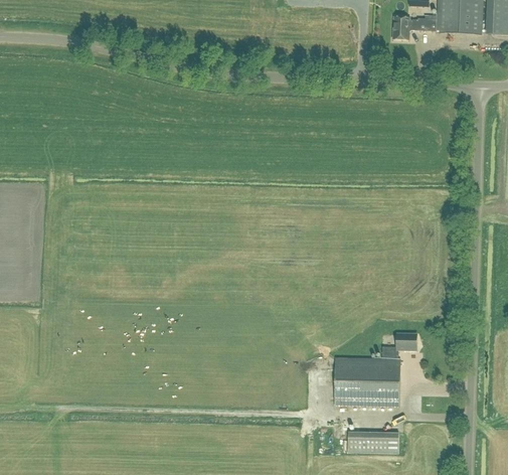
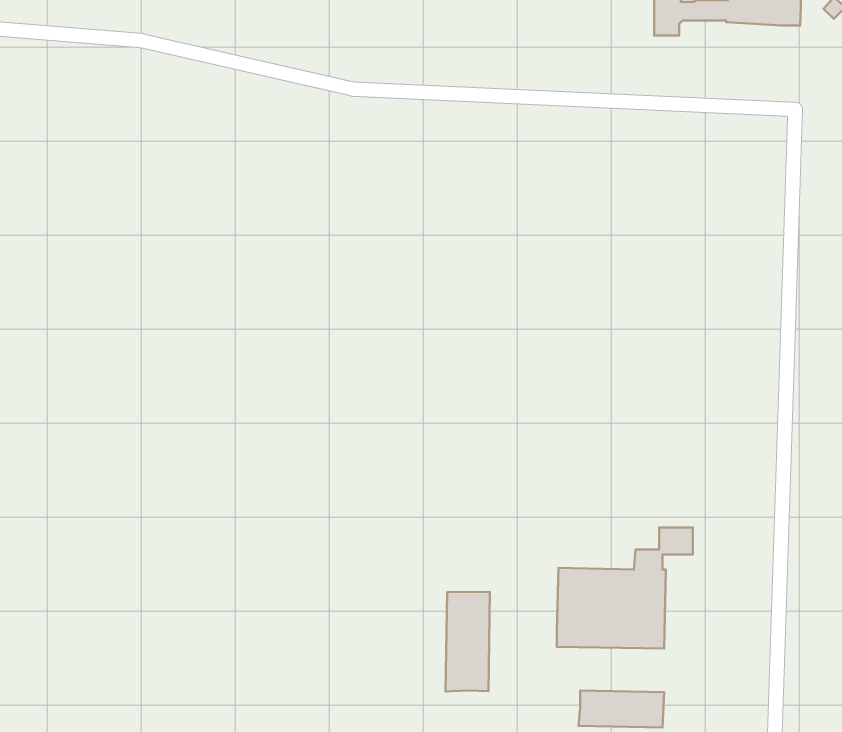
building: none -> [445,592,490,692]

